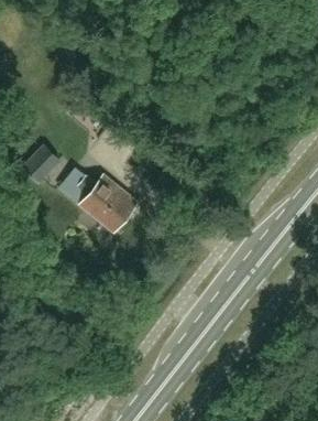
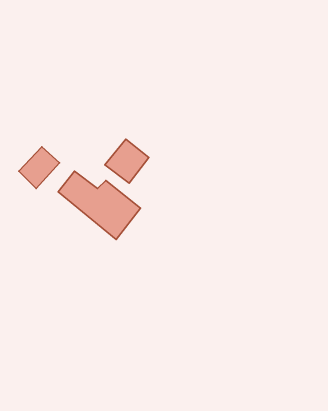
building: none -> [105,139,149,183]

